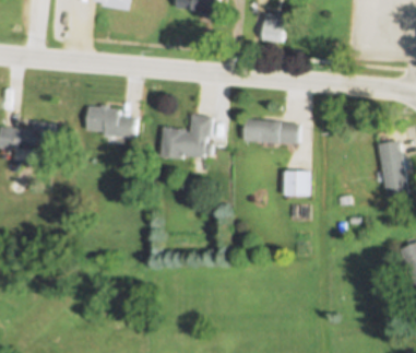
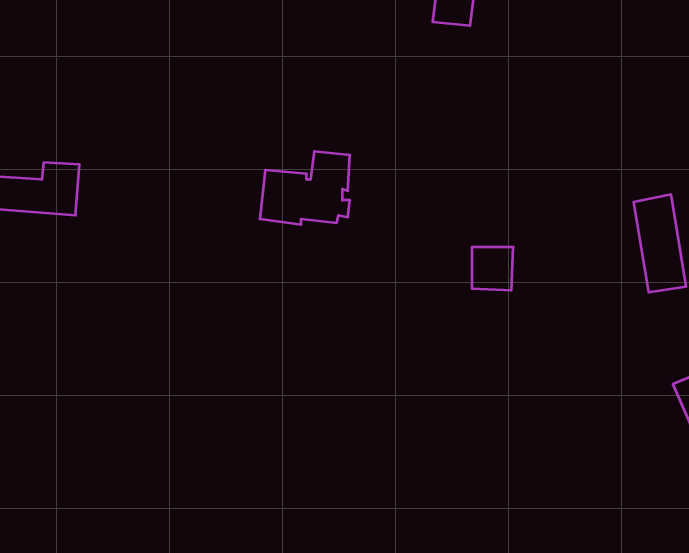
building: [87,104,135,138] -> none
building: [241,118,296,143] -> none

